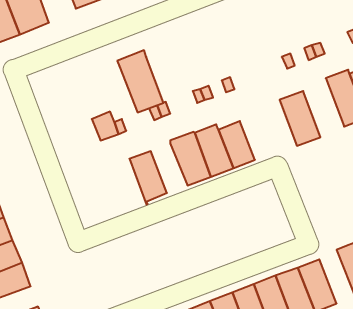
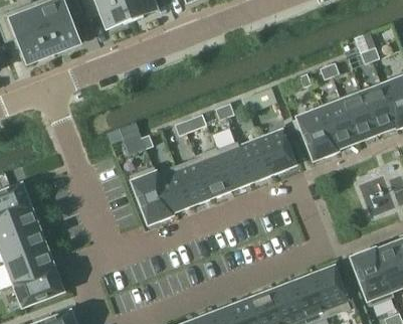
building: [117,50,163,112] -> [129,165,172,223]
building: none -> [317,96,357,151]
building: none -> [259,128,295,172]
building: none -> [176,157,210,203]

